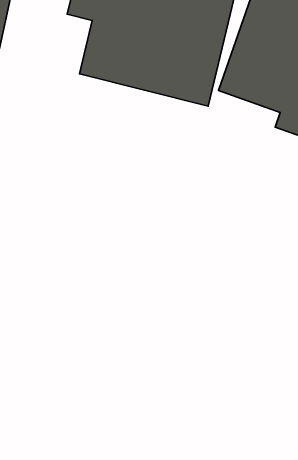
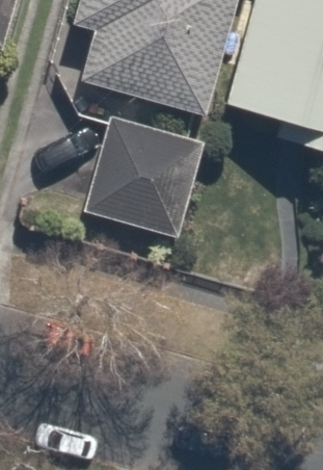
building: none -> [85,104,201,235]

